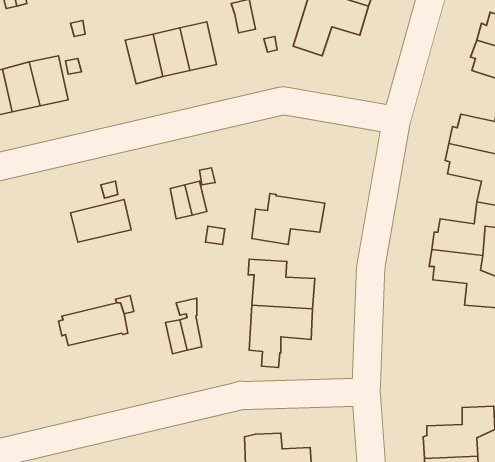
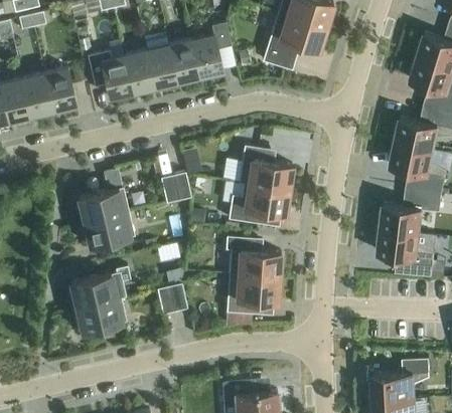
building: none -> [191,34,222,75]
building: none -> [88,50,133,96]
building: none -> [241,145,292,190]
building: none -> [85,212,135,246]
building: none -> [76,297,127,332]

